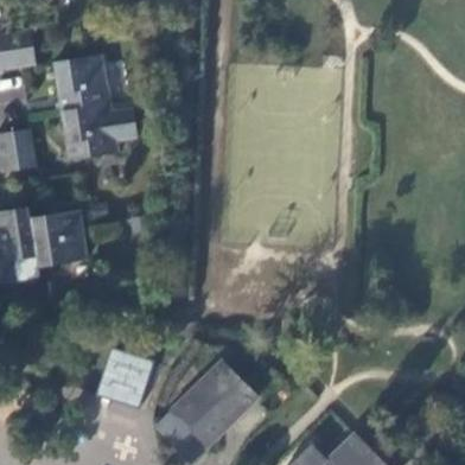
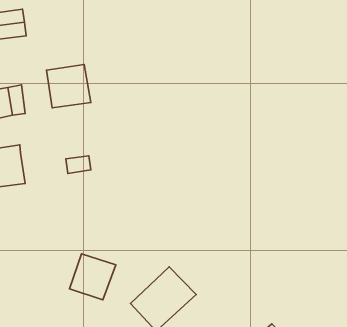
building: [55,55,112,110] -> none
building: [30,211,87,269] -> none

